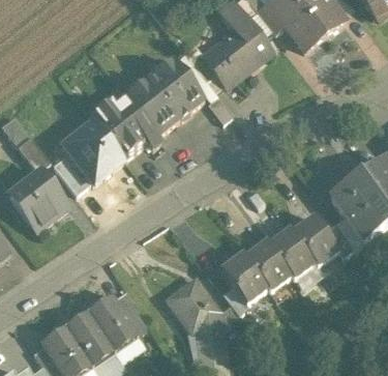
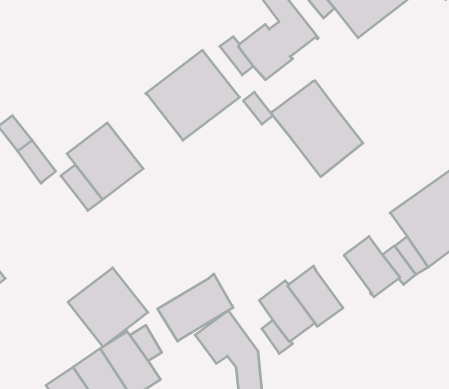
building: none -> [271,81,363,177]
building: [93,96,160,158] -> none
building: [12,174,67,229] -> none
building: [268,228,315,279] -> none
building: none -> [68,268,148,347]
building: none -> [158,274,233,341]

